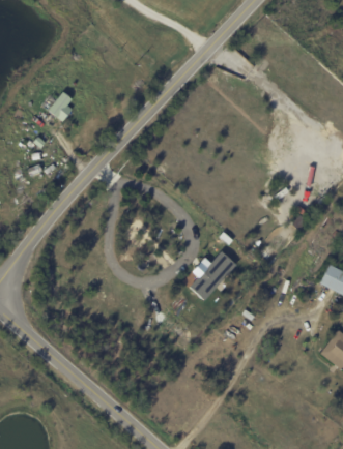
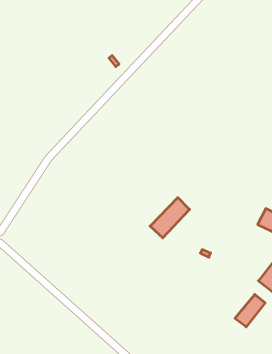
building: [48,91,73,121] -> none
building: none -> [235,294,265,327]

